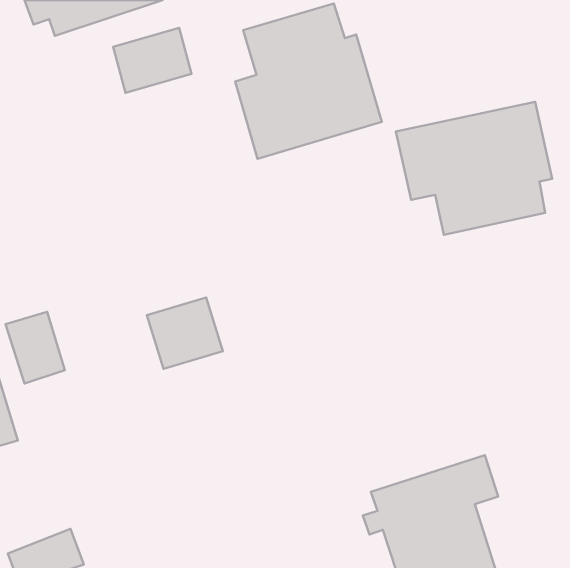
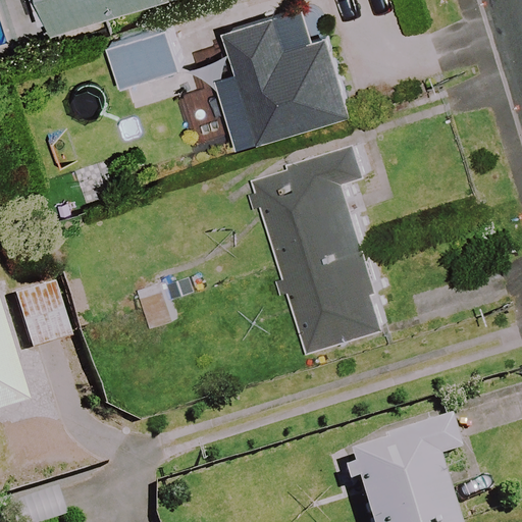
building: [396,102,552,235] -> none
building: none -> [254,151,387,361]

